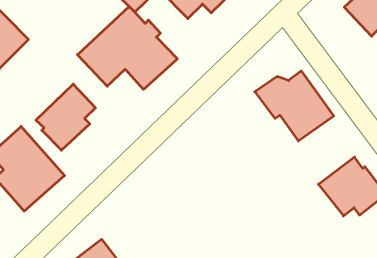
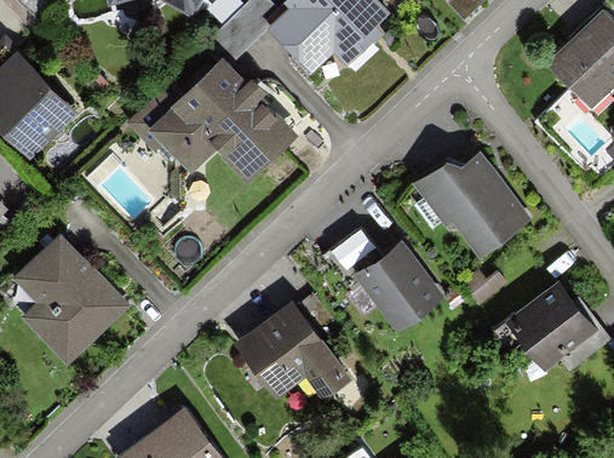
building: [36,84,95,150] -> none
building: none -> [327,230,446,331]
building: none -> [236,292,350,399]

